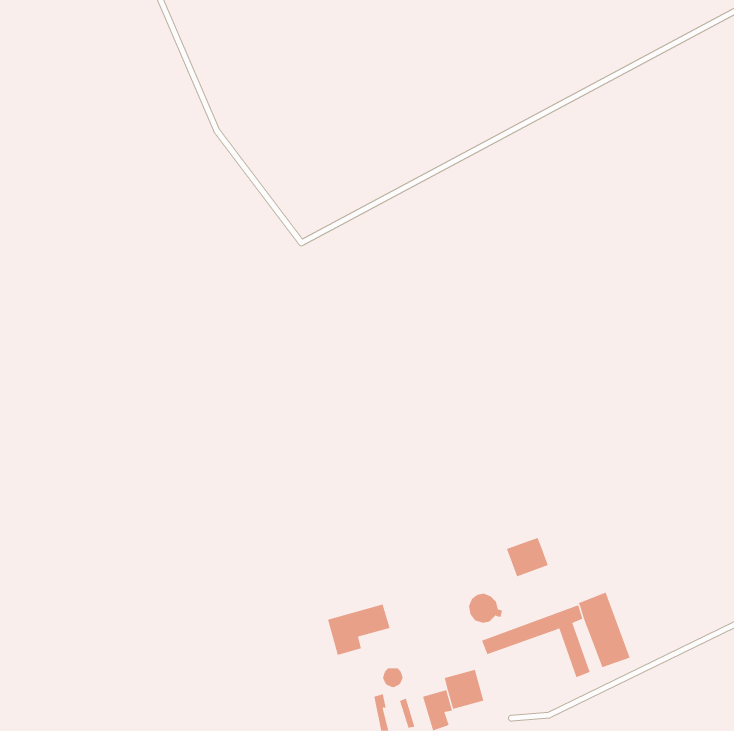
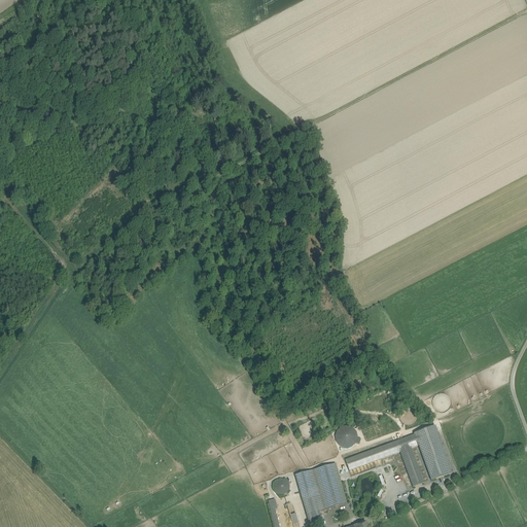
building: [506,537,548,577] -> none
building: [327,604,390,656] -> [295,462,341,499]

